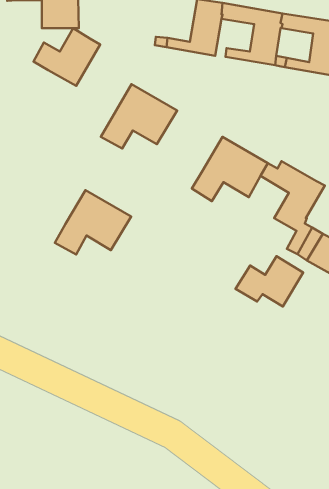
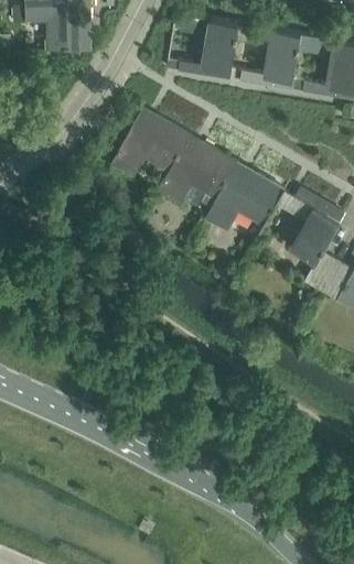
building: [34,28,100,86] -> none
building: [55,190,131,254] -> [158,135,237,203]
building: [236,256,303,307] -> none

